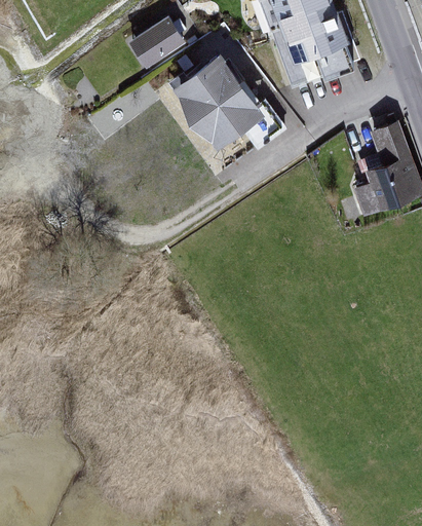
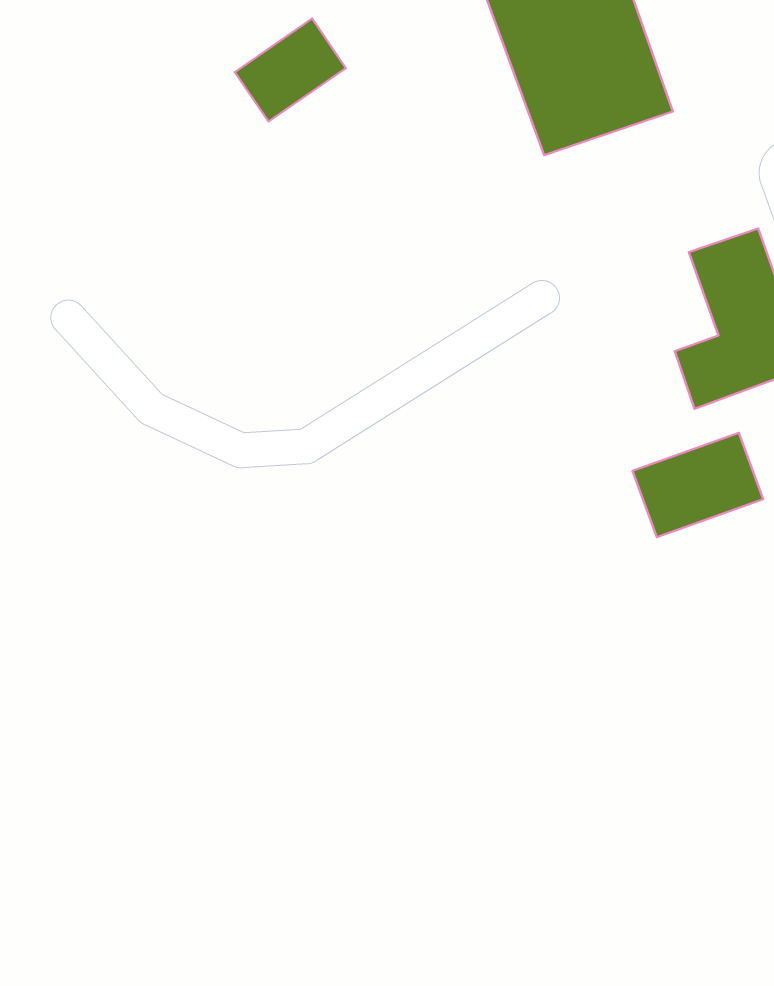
building: [167,42,286,148] -> none
building: none -> [632,433,763,537]

